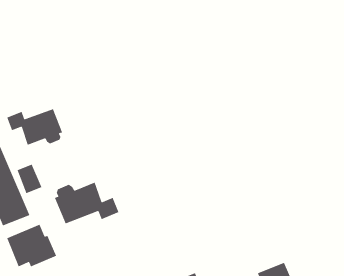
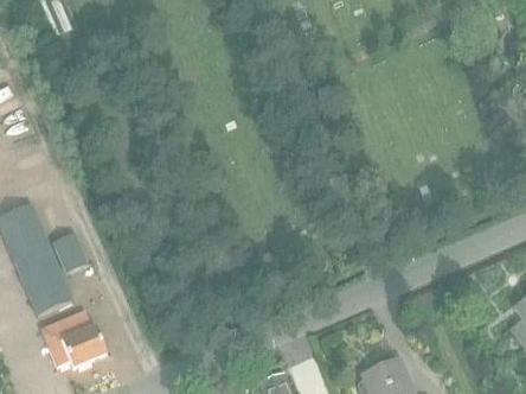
building: [6,108,63,146] -> none
building: [54,181,120,225] -> none

